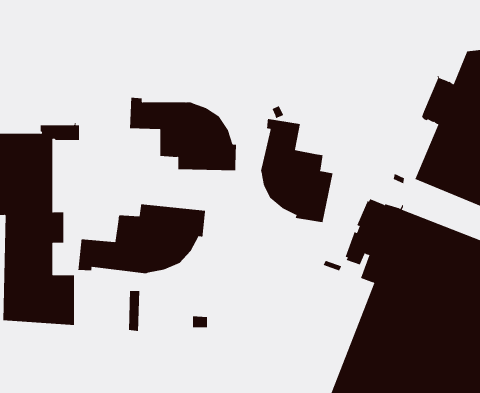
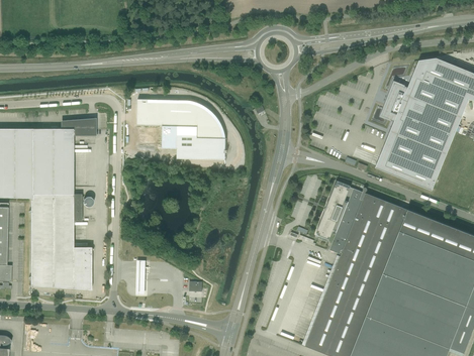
building: [261,118,333,224] -> none
building: [78,203,206,274] -> none

